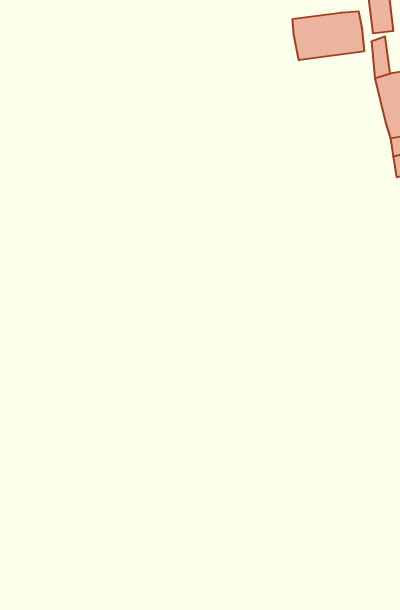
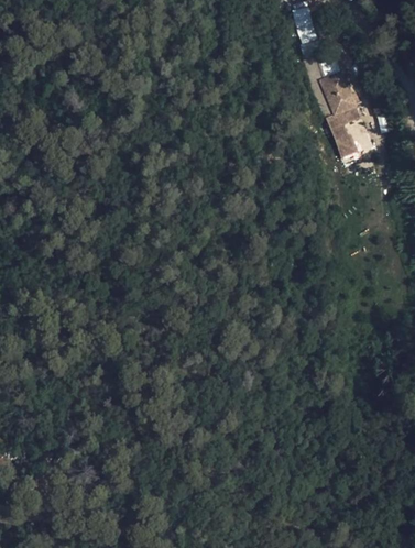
building: [293,11,364,60] -> none

